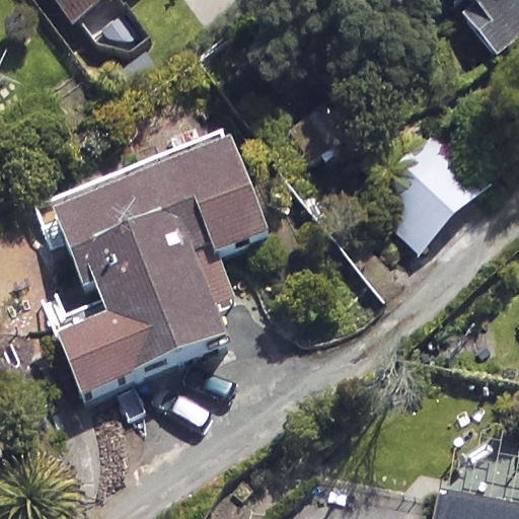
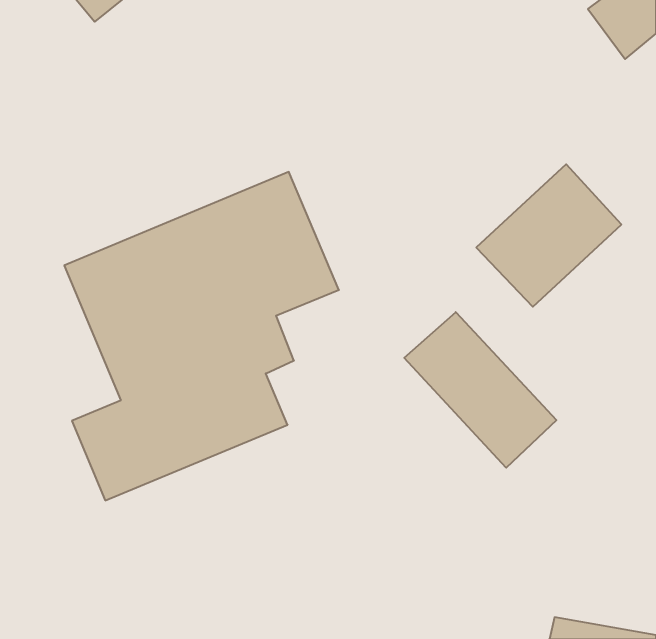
building: none -> [404,312,556,468]

